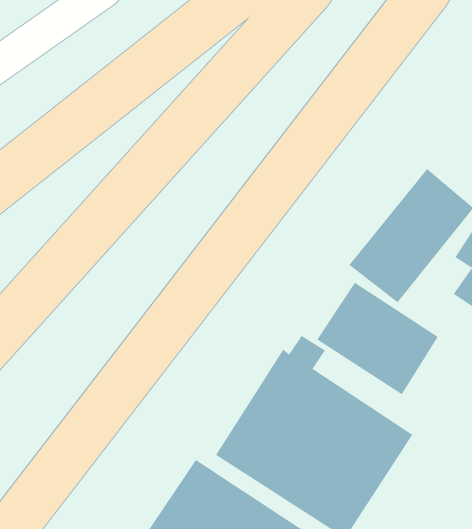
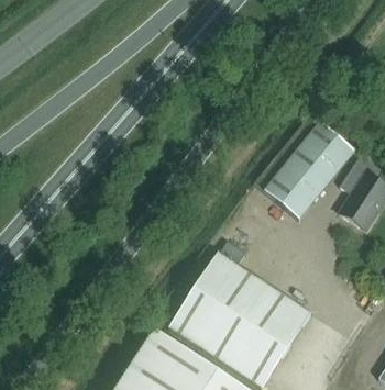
building: [316,282,439,395] -> none

